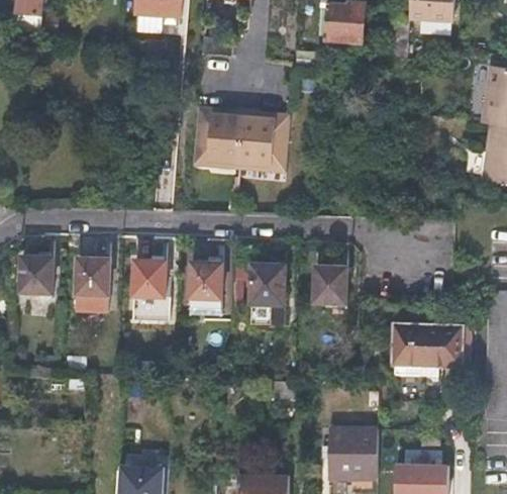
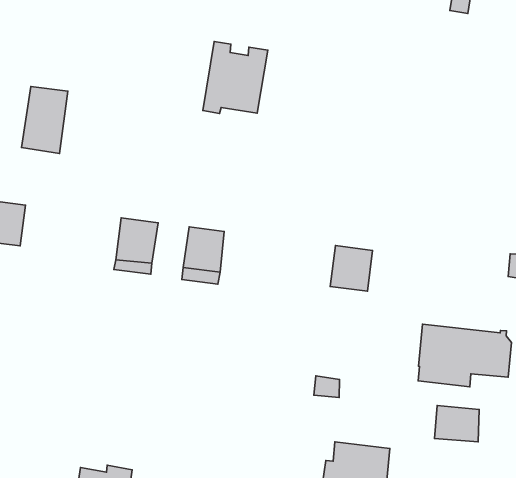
building: [238,109,288,171] -> none
building: [75,258,109,311] -> [21,86,68,153]
building: [251,265,284,325] -> none
building: none -> [434,405,479,442]

